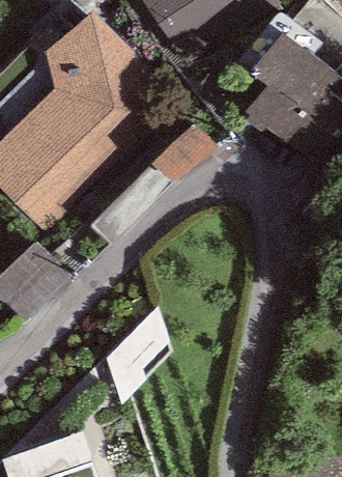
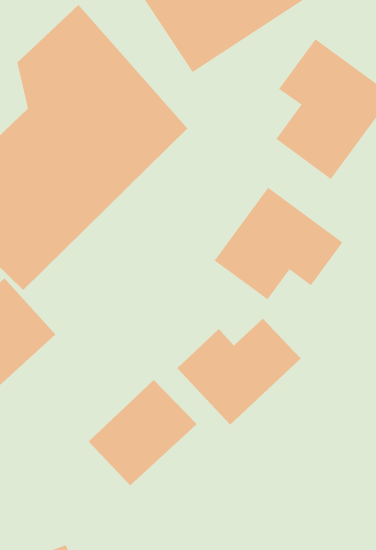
building: none -> [214,187,343,300]
building: none -> [177,318,301,425]

